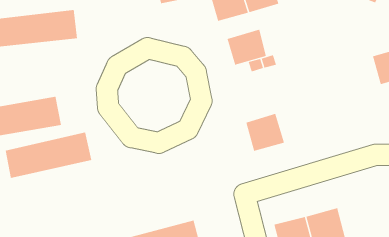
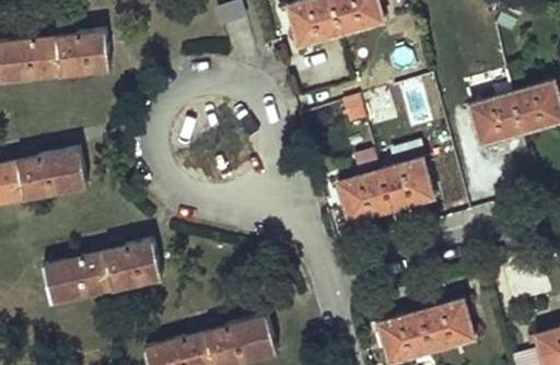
building: [227,29,267,65] -> none
building: none -> [467,93,521,144]
building: none -> [378,158,433,211]
building: [5,132,92,178] -> [42,239,161,303]

